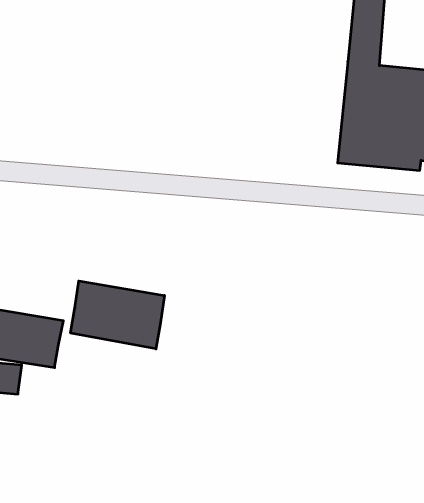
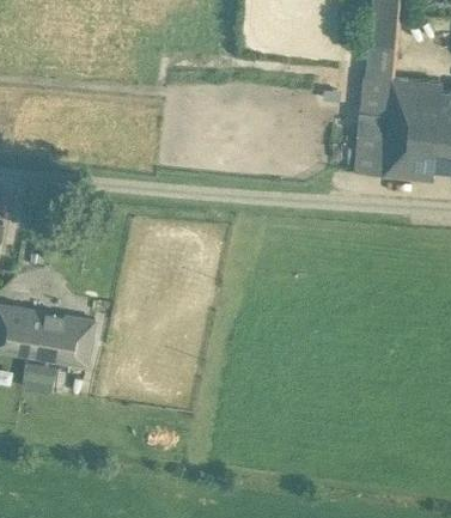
building: [71,281,164,349] -> none

